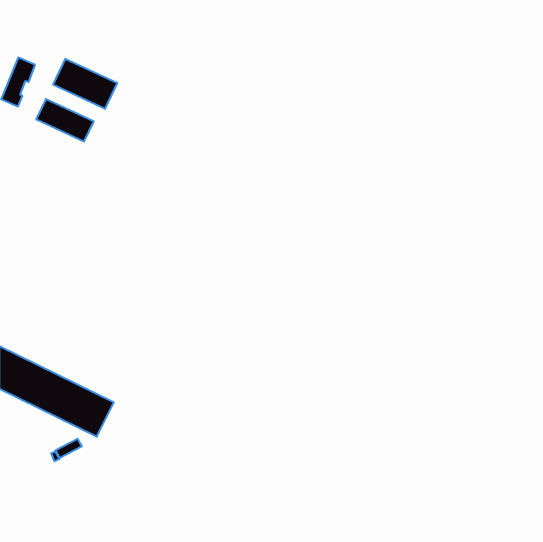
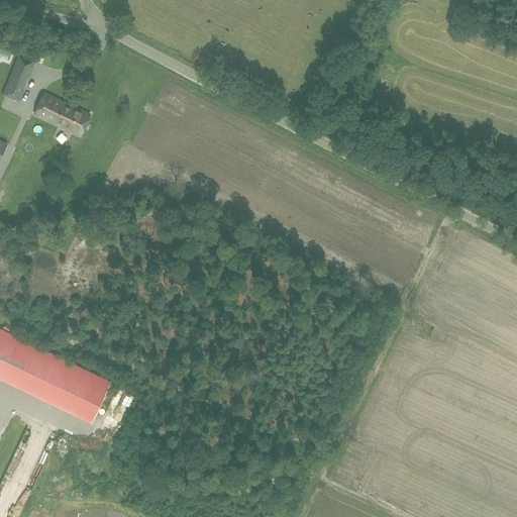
building: [53,59,117,109] -> none

